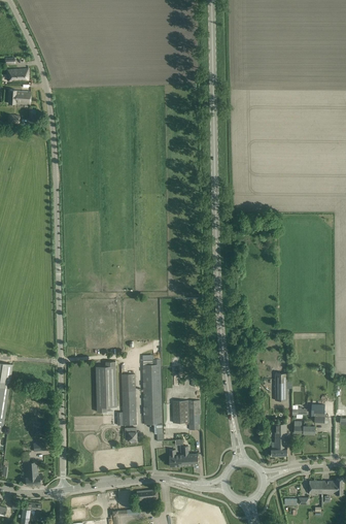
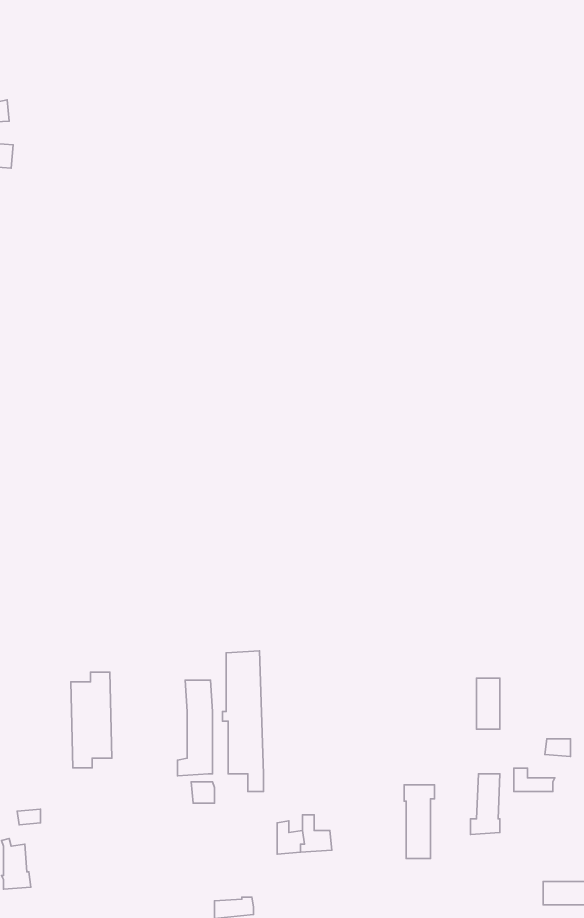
building: [95,361,116,412] -> [71,672,112,768]
building: [172,400,199,429] -> none
building: none -> [404,785,435,858]

